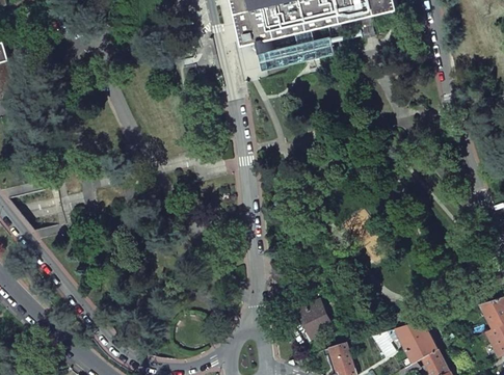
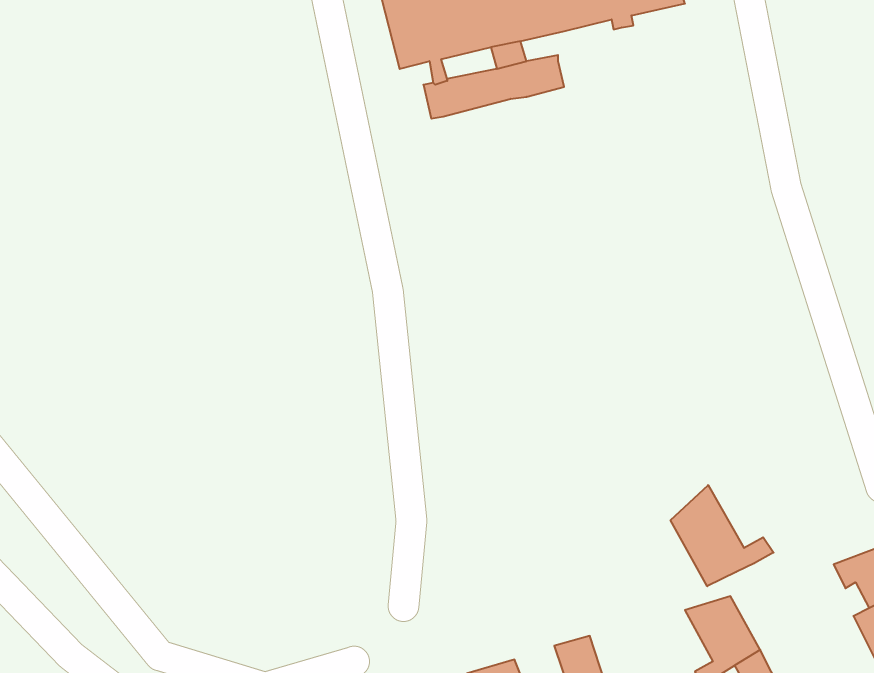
building: none -> [671,485,774,586]
building: [298,301,328,334] -> none

